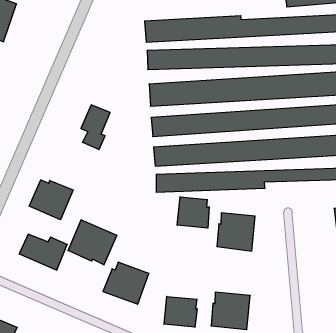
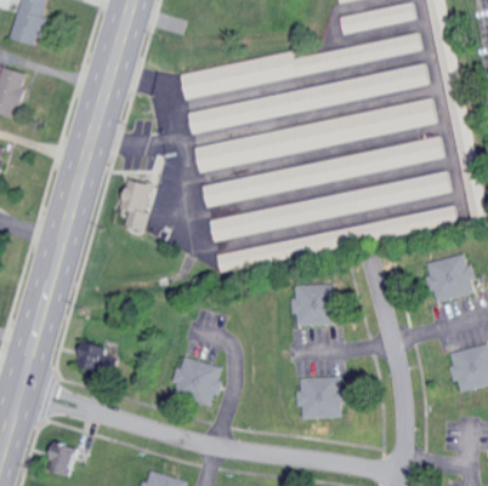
building: [29,180,73,220] -> none
building: [177,197,209,228] -> none
building: [68,220,117,265] -> none
building: [164,296,197,327] -> none

